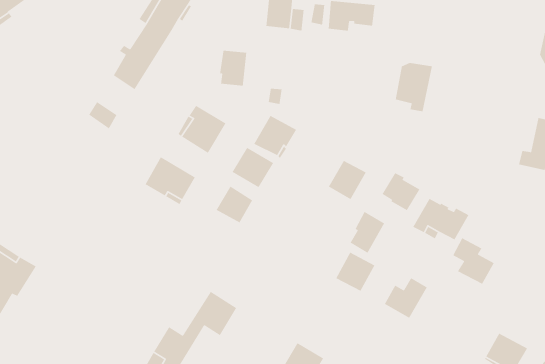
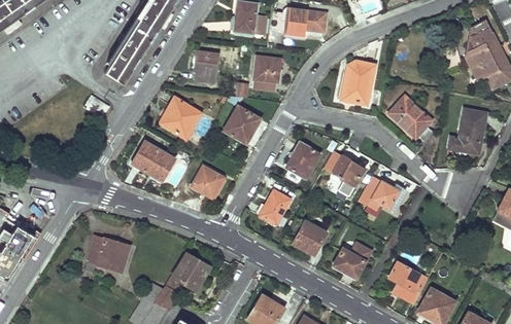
building: none -> [252,56,281,88]
building: none -> [388,96,432,140]
building: [231,147,274,188] -> none
building: [350,211,385,254] -> [260,188,289,224]
building: [452,237,495,285] -> [387,261,423,301]
building: none -> [86,236,129,272]

